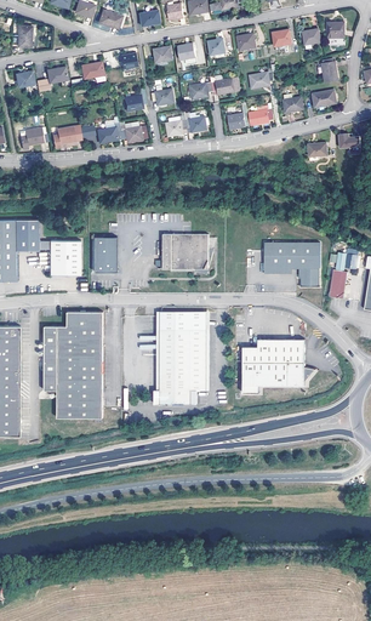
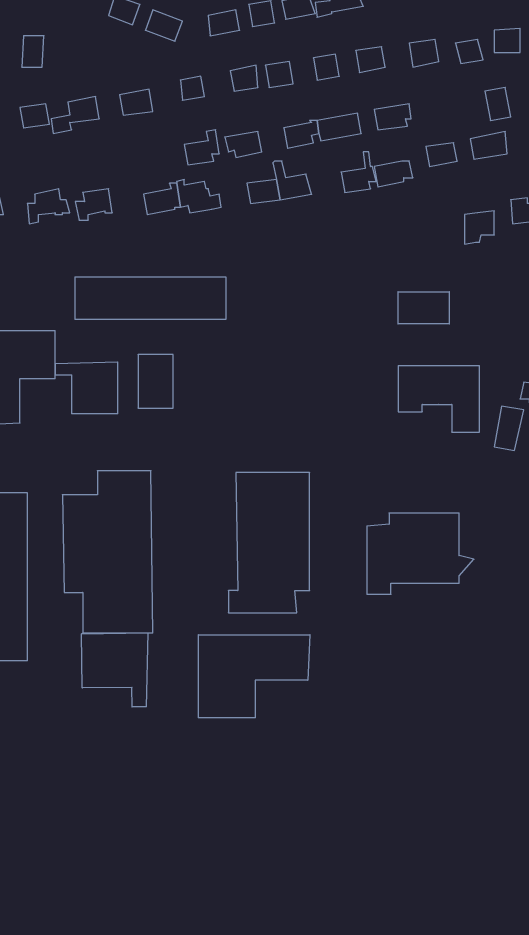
building: none -> [75,277,226,319]
building: none -> [398,292,449,324]
building: [162,234,212,273] -> none
building: none -> [82,633,148,707]
building: none -> [198,635,310,718]

